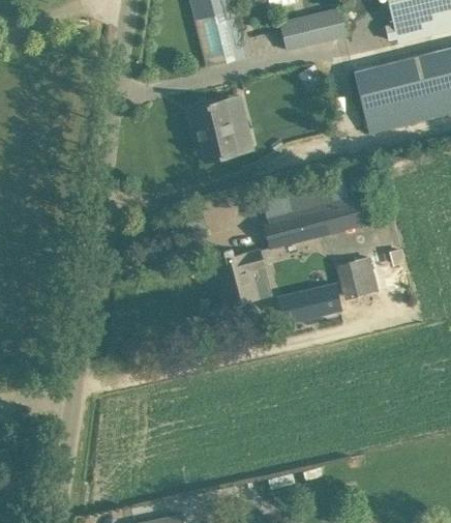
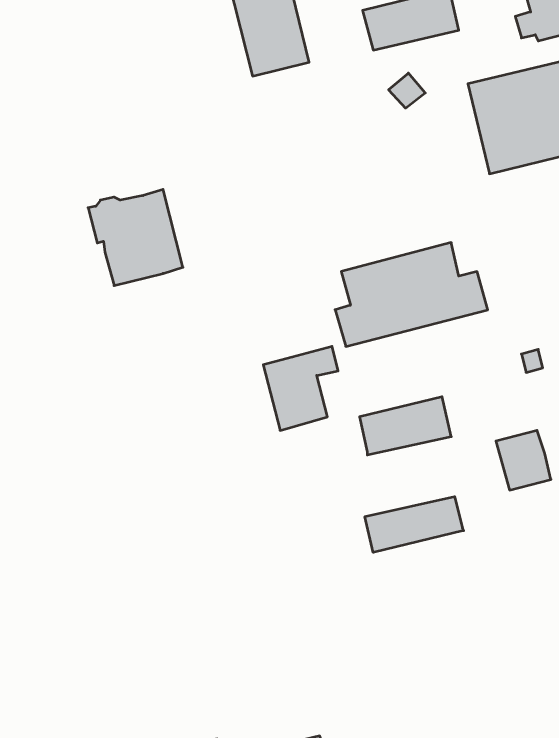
building: [189,96,253,162] -> [88,189,183,286]
building: [340,258,378,298] -> [496,430,551,490]
building: none -> [365,497,464,552]

